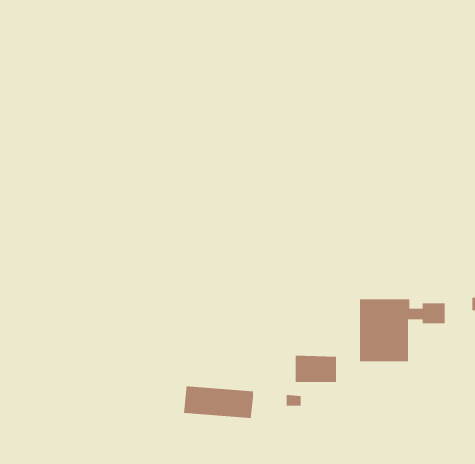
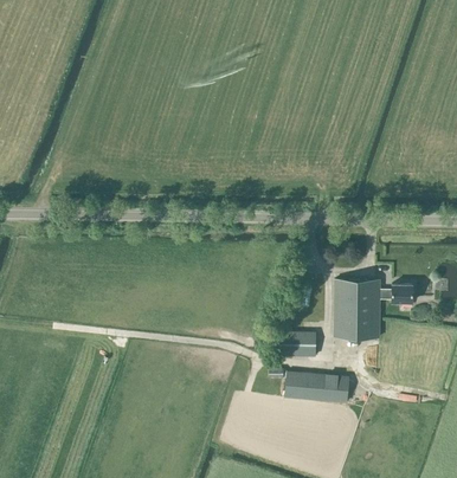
building: [183,386,254,418] -> [284,373,348,402]

